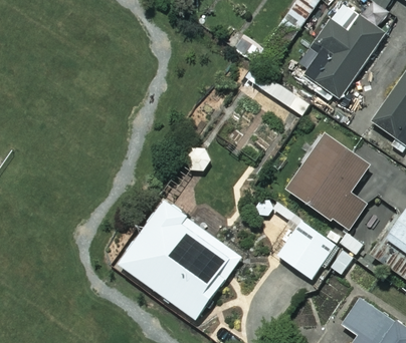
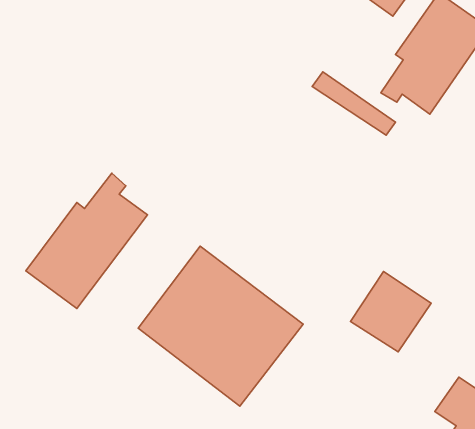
building: [287,136,366,227] -> none
building: none -> [26,173,148,308]

